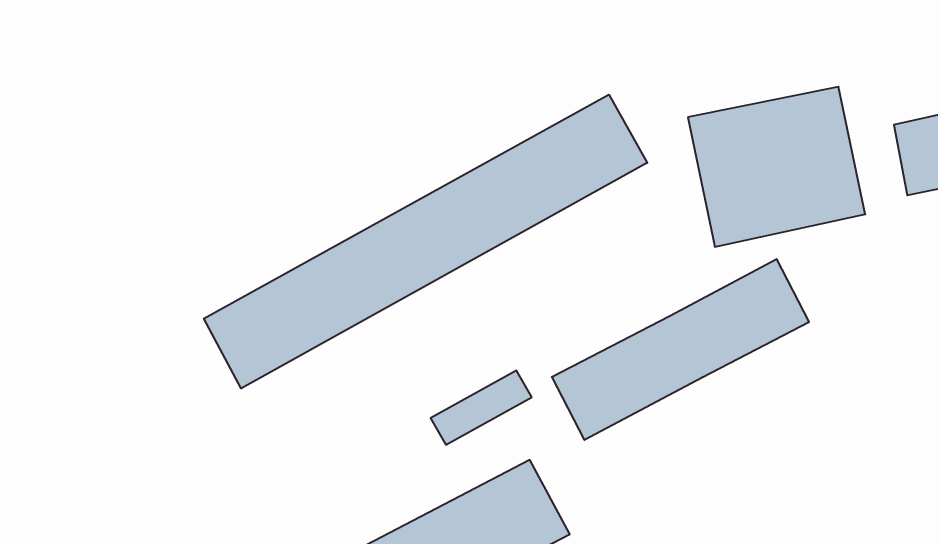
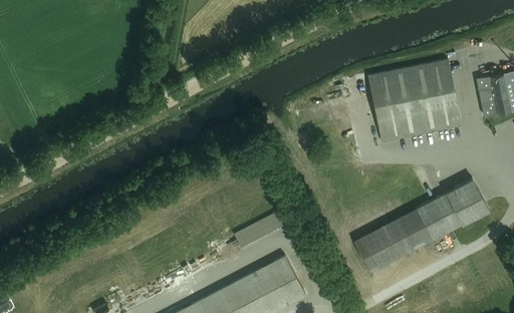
building: [204,95,647,388] -> none
building: [552,259,809,440] -> [353,178,489,273]

